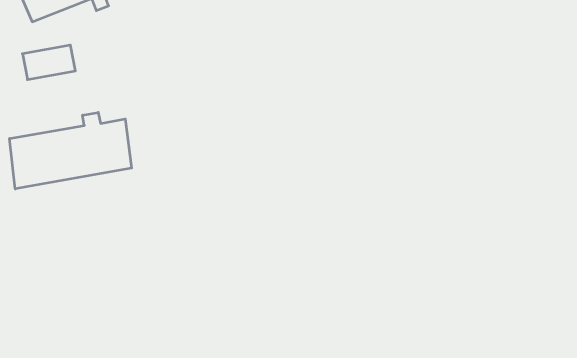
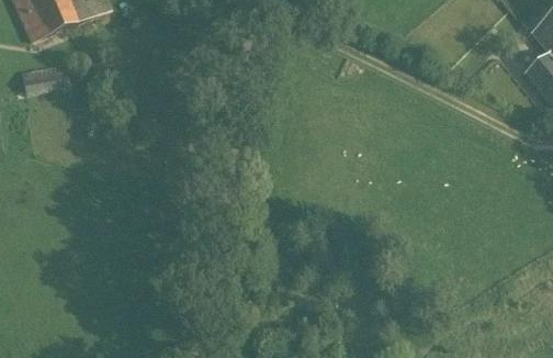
building: [10,112,132,189] -> none

